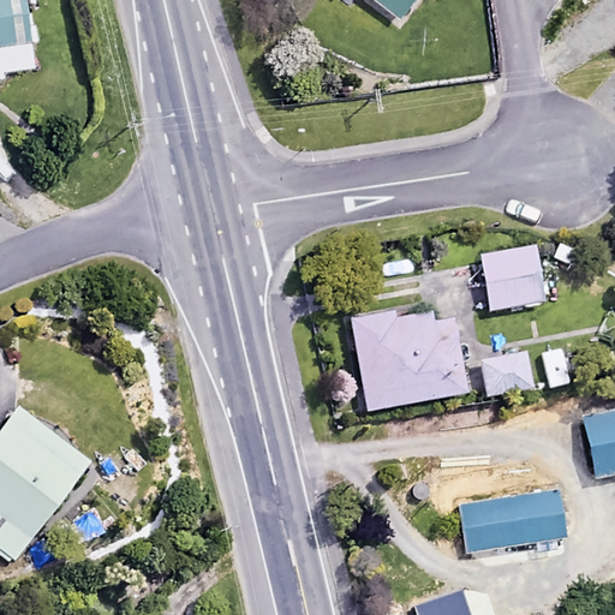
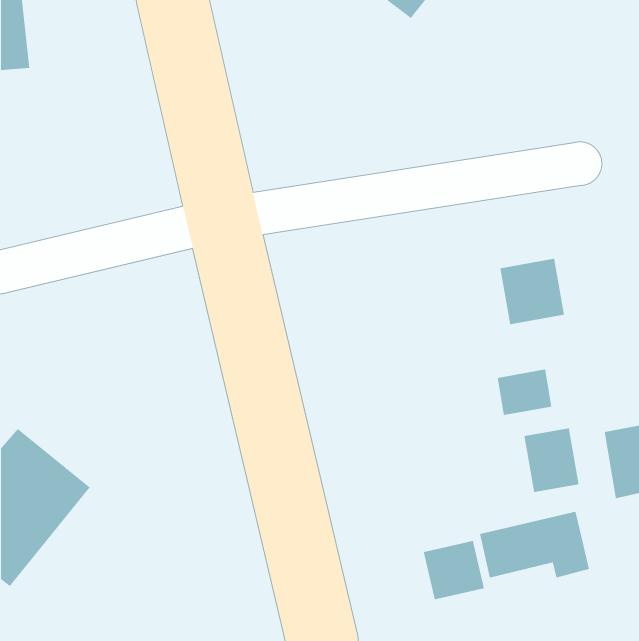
building: [352,308,465,410] -> none
building: none -> [524,428,579,493]
building: none -> [423,540,485,600]

